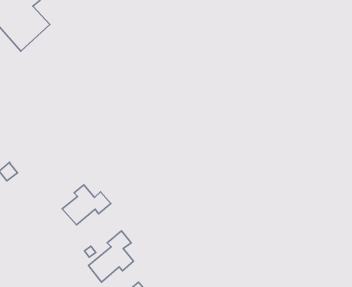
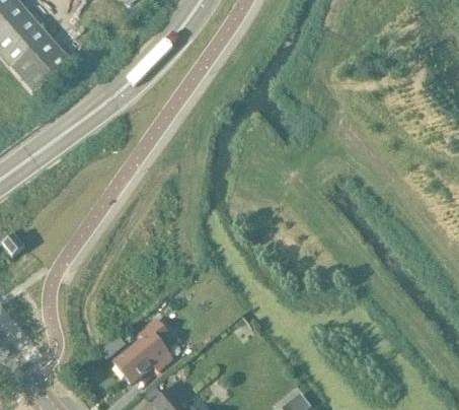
building: [62,185,111,225] -> none

